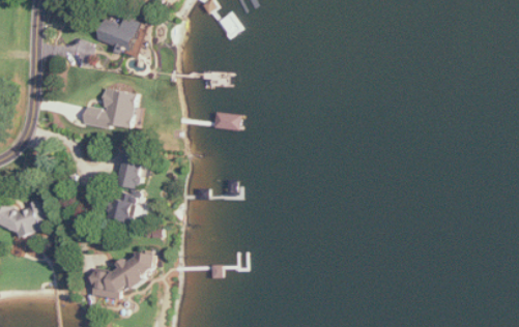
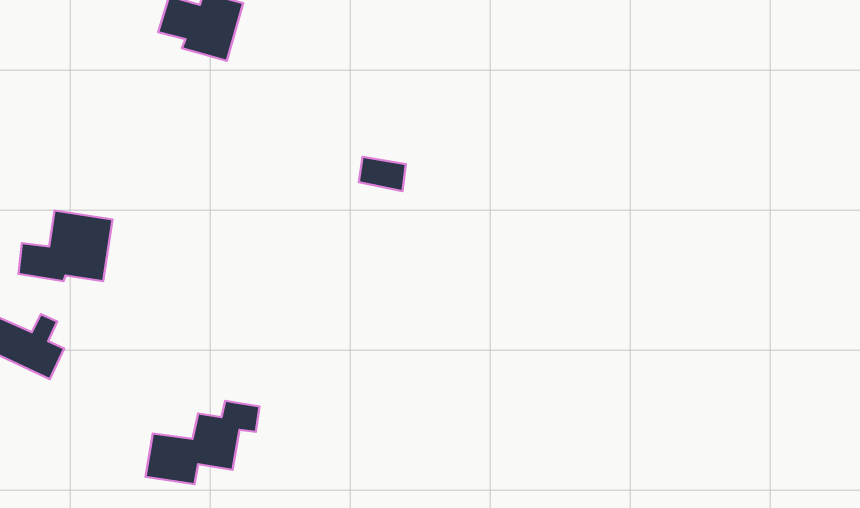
building: [81,87,135,127] -> [18,210,112,281]
building: [117,154,142,187] -> none
building: [108,198,131,220] -> none

